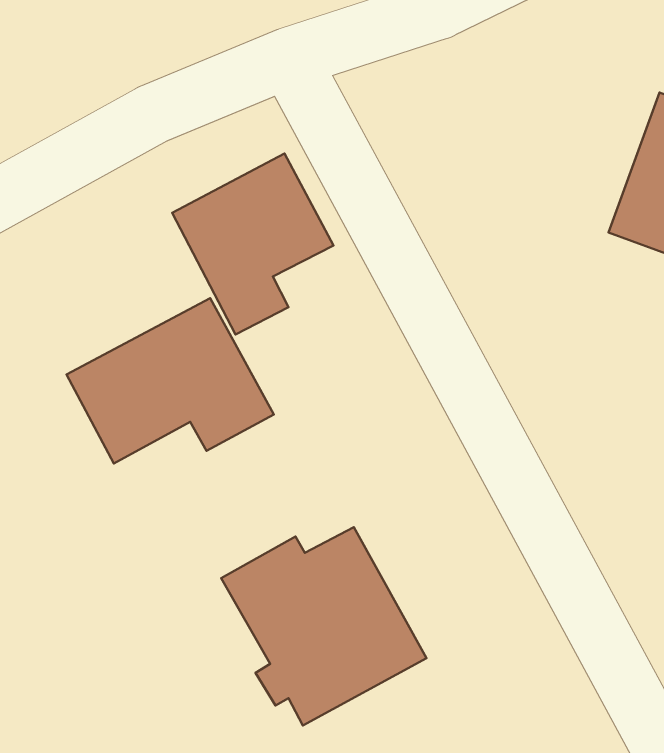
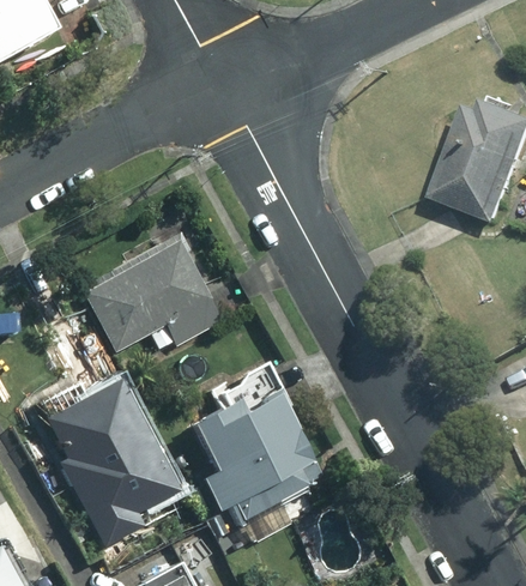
building: [172,153,334,335] -> none
building: none -> [48,381,176,528]

